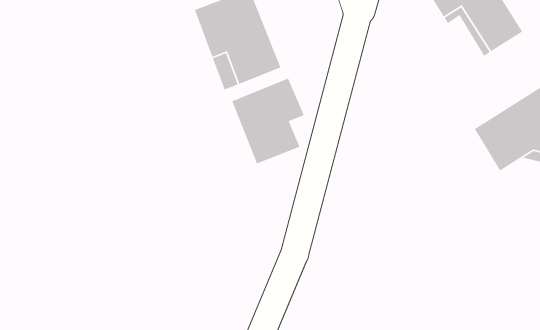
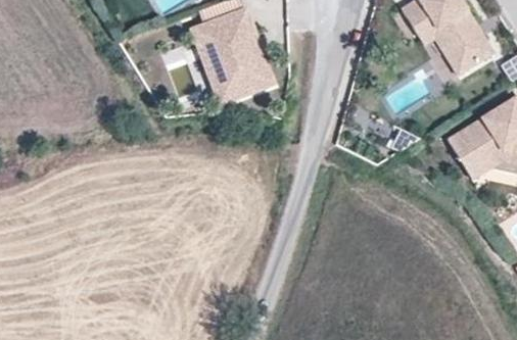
building: [231,77,305,164] -> none

